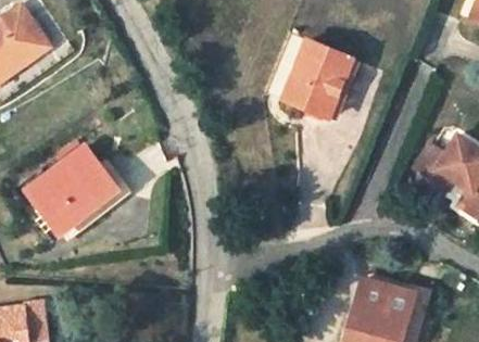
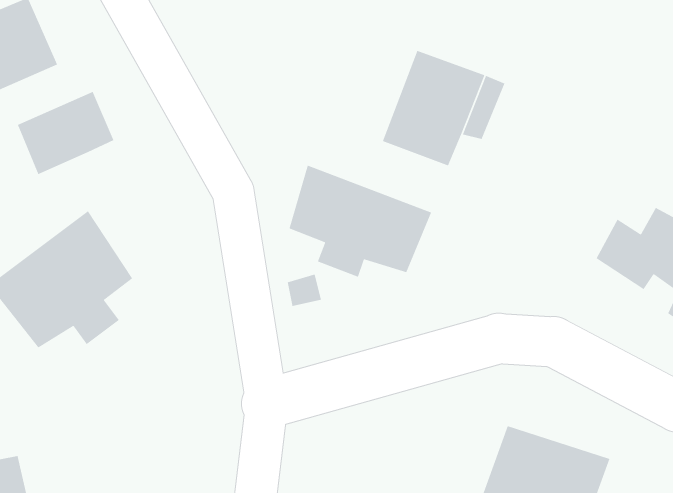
building: none -> [17,91,115,175]
building: none -> [288,165,432,278]

